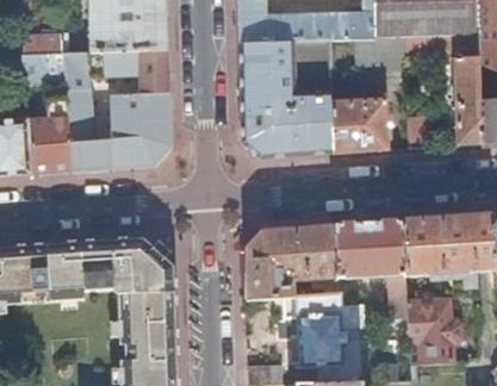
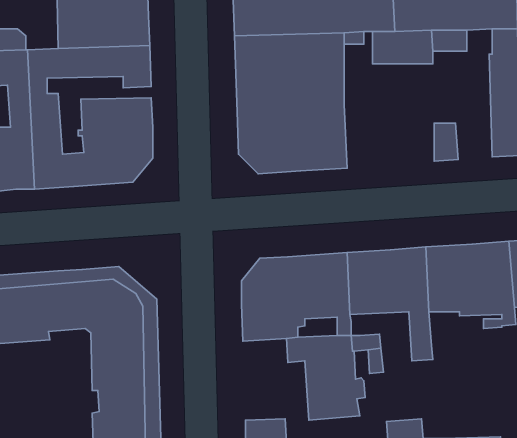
building: [333,99,387,154] -> none
building: [406,301,461,365] -> none

